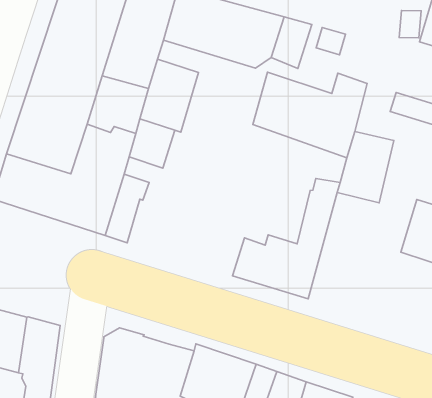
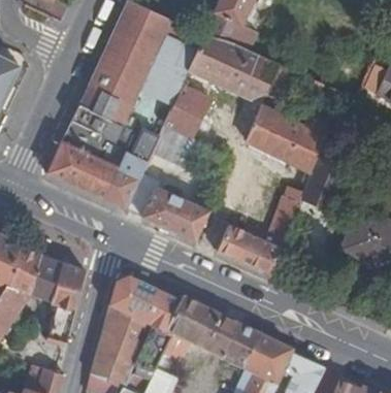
building: none -> [141,186,207,241]

